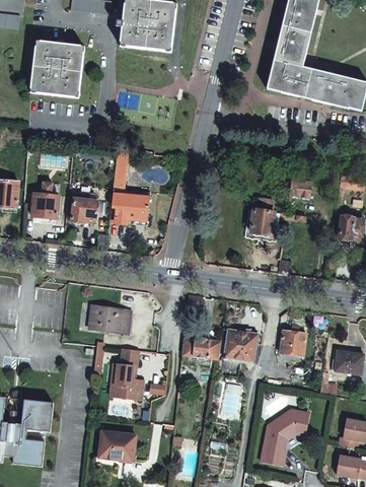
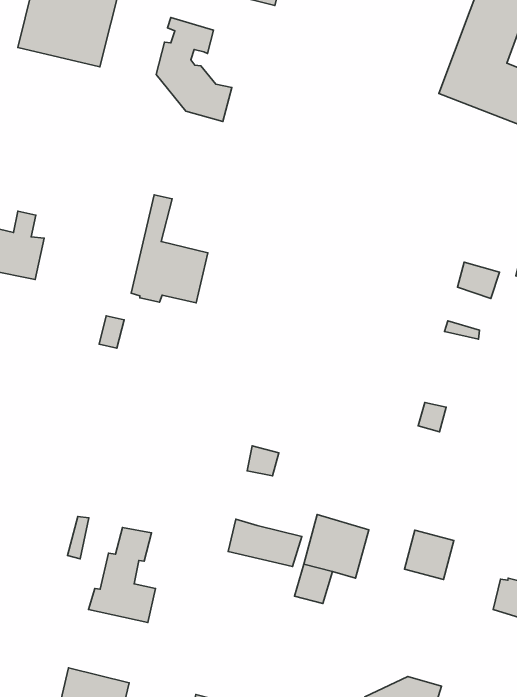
building: none -> [156,17,232,121]
building: [72,197,97,221] -> none
building: [247,197,280,234] -> none
building: [89,304,131,332] -> none

